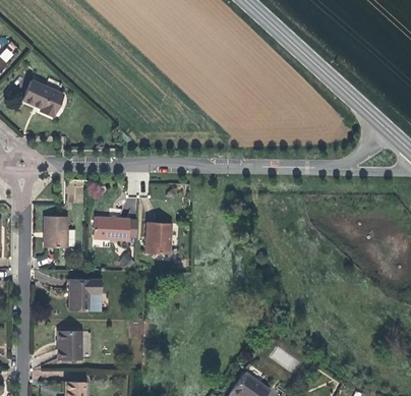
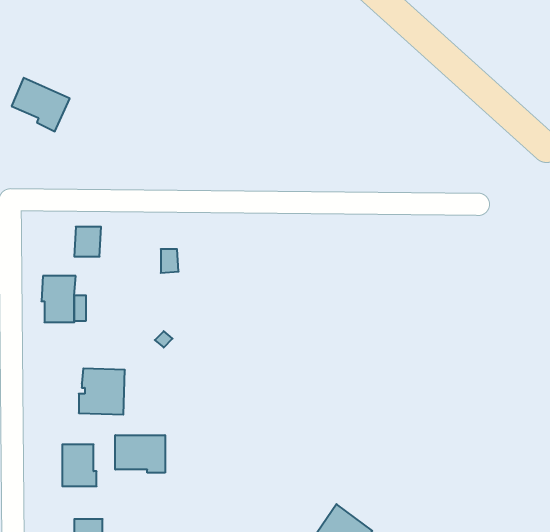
building: [94,208,130,240] -> none
building: [145,222,171,253] -> none
building: none -> [115,435,165,473]

